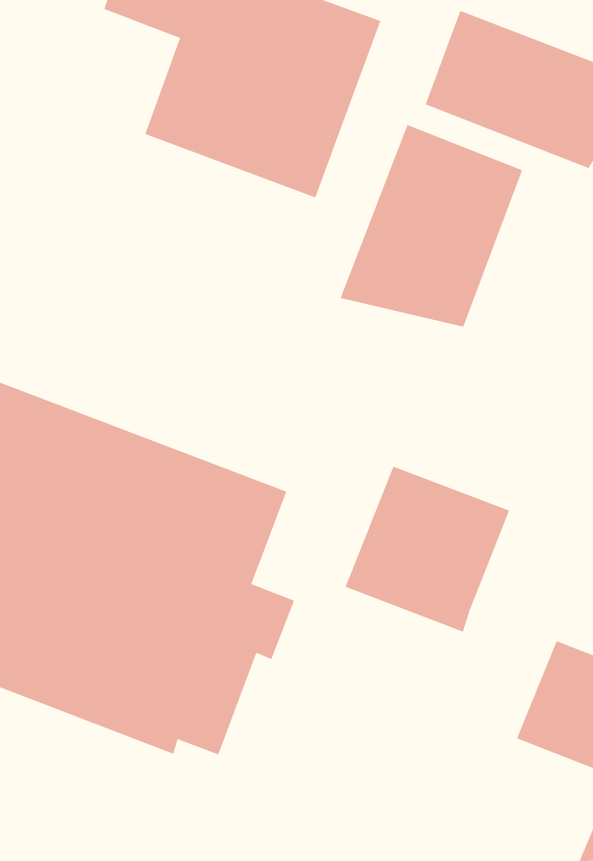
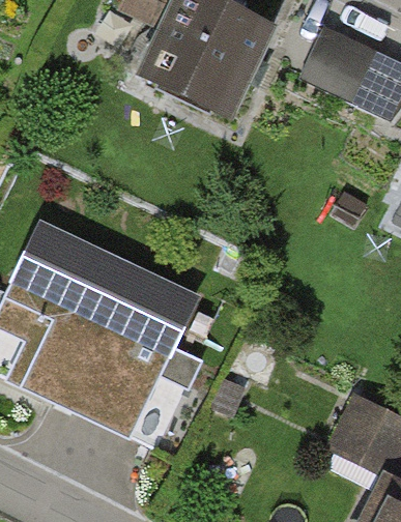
building: [340,124,523,328] -> none
building: [345,466,510,633] -> none

